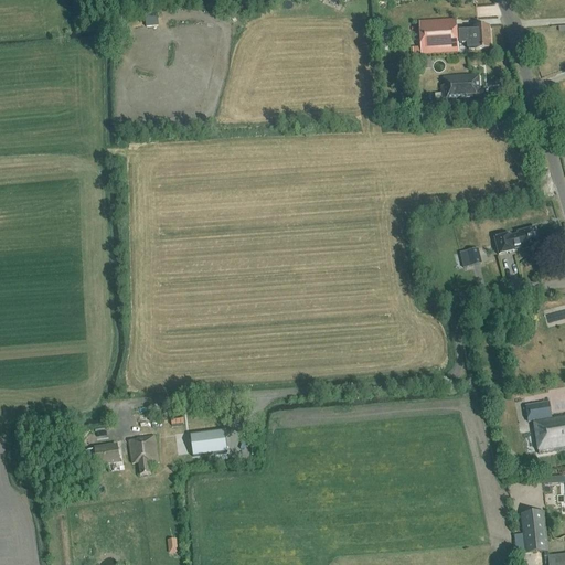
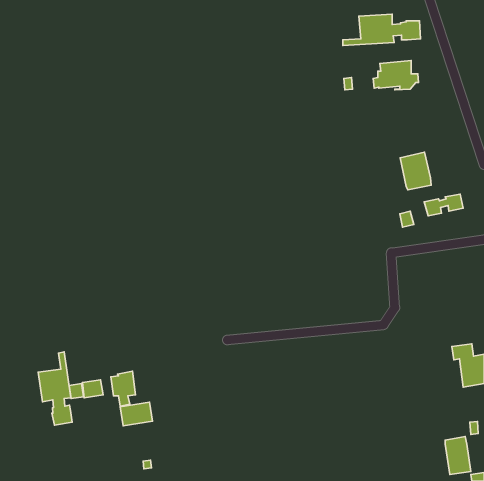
building: none -> [400,152,431,190]
building: none -> [38,352,72,425]
building: [188,426,225,454] -> [120,402,152,426]

